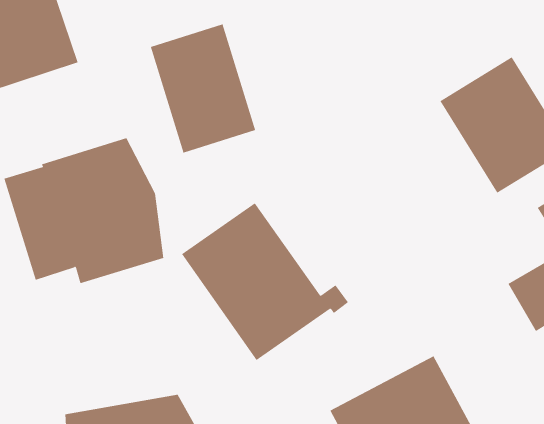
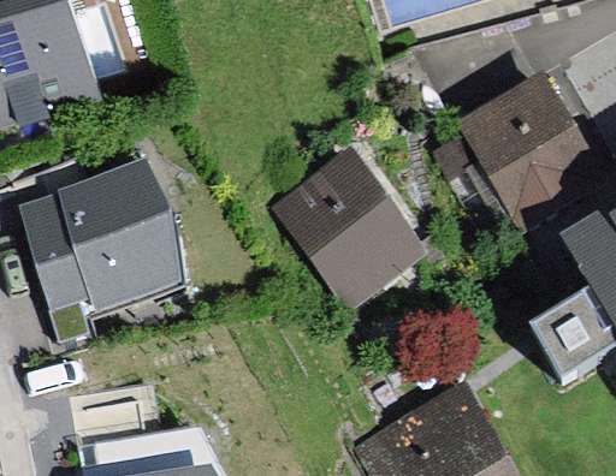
building: [150,24,256,154] -> none
building: [181,203,349,361] -> [268,151,440,314]

